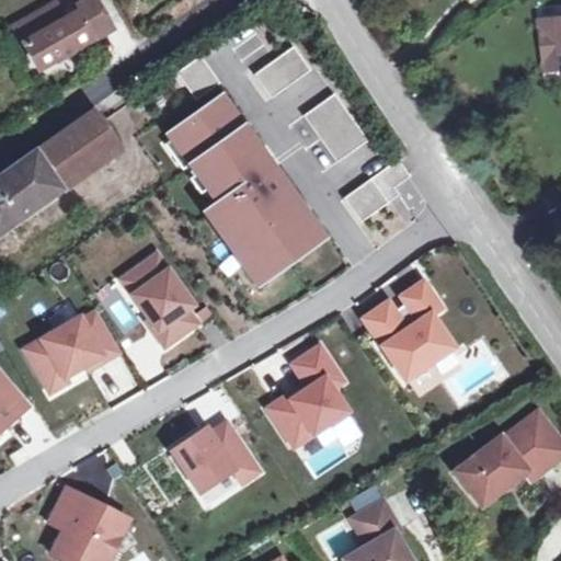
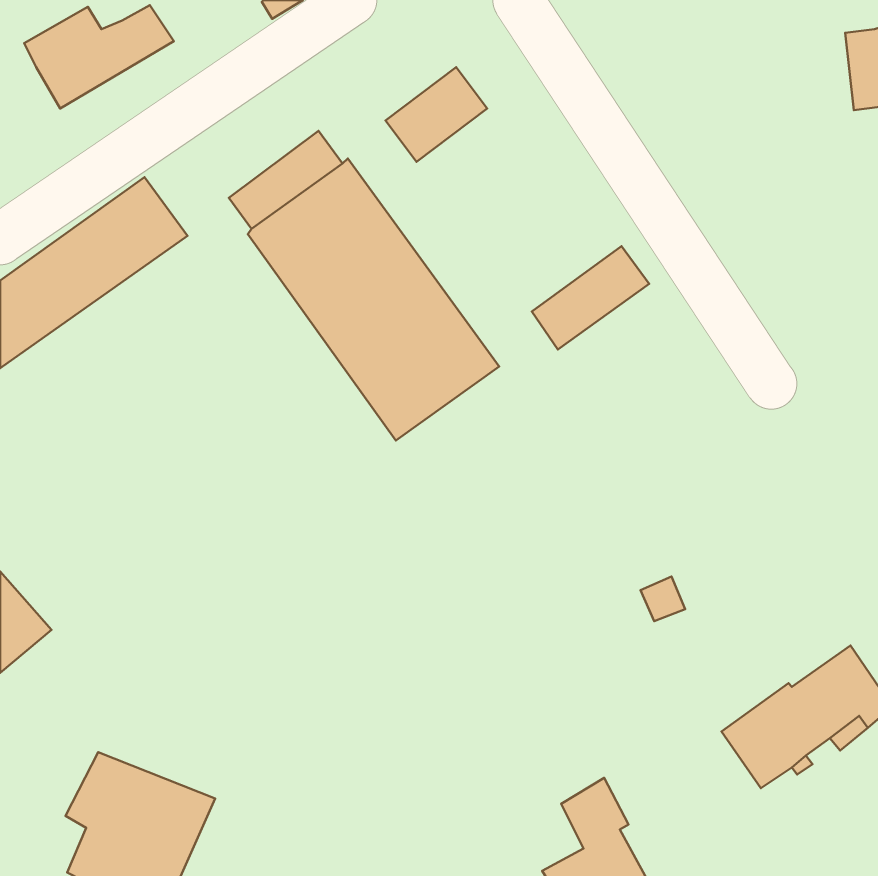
building: [300,93,368,165] -> none
building: [107,248,206,347] -> none
building: [359,273,466,375] -> none
building: [14,302,124,397] -> none
building: [260,347,356,451] -> none
building: [171,408,255,493] -> none

